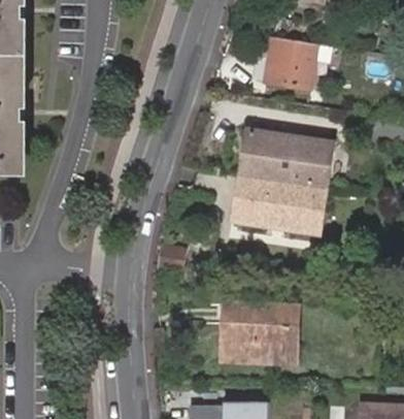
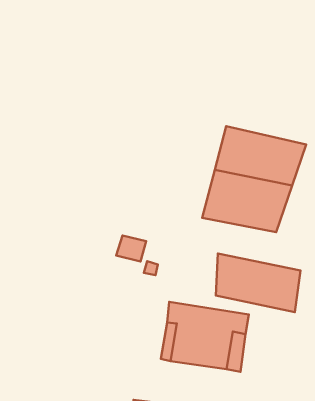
building: [266,36,316,87] -> none
building: none -> [216,253,300,312]

